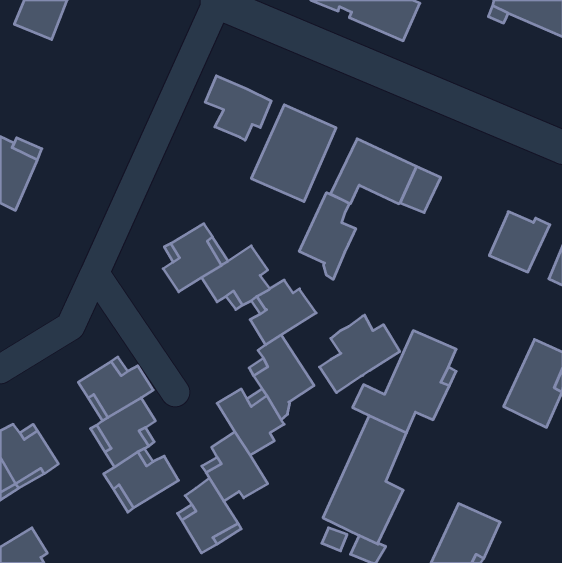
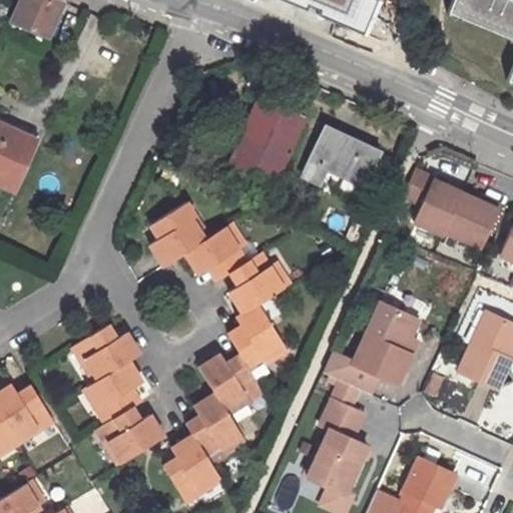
building: [205,76,271,140] -> none
building: none -> [403,169,463,235]
building: [299,193,356,279] -> none
building: [319,315,400,393] -> none

